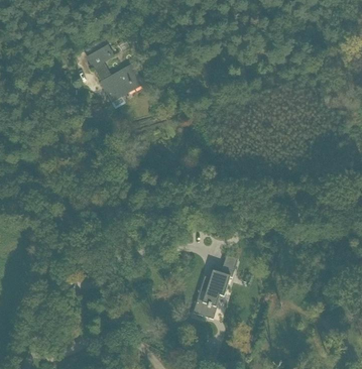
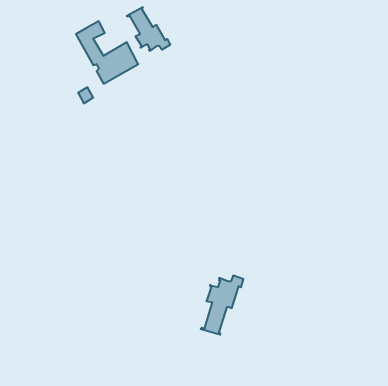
building: none -> [127,7,170,51]

